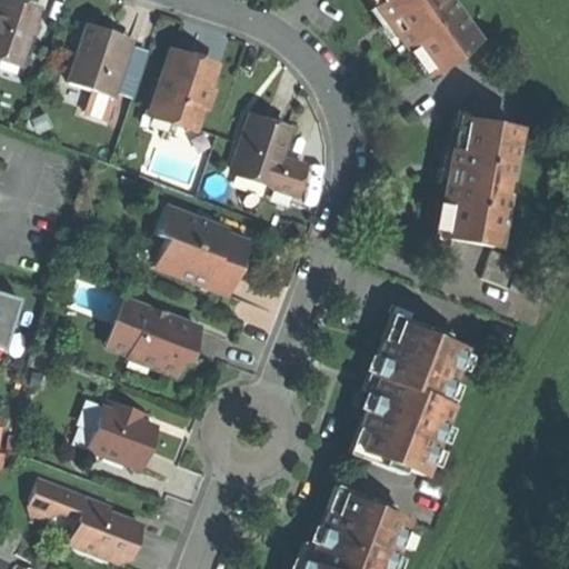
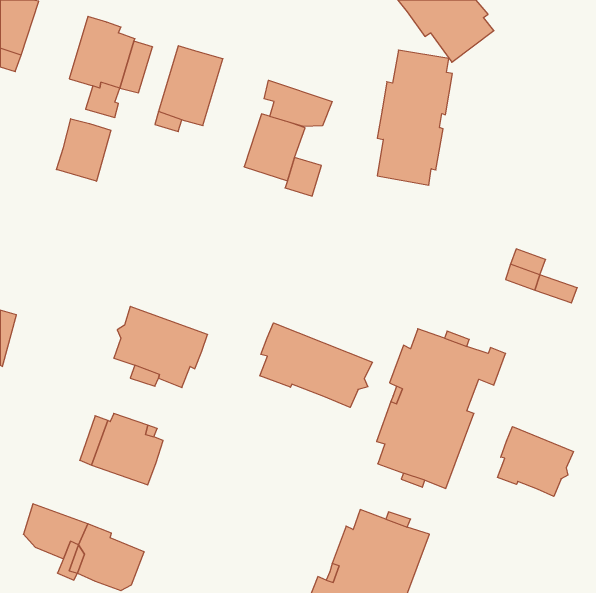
building: none -> [264,80,332,126]
building: [445,111,516,239] -> [377,50,452,185]
building: none -> [56,119,111,181]
building: [154,202,248,291] -> none
building: none -> [260,323,372,407]
building: none -> [497,427,574,496]

